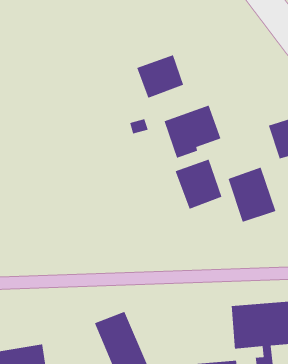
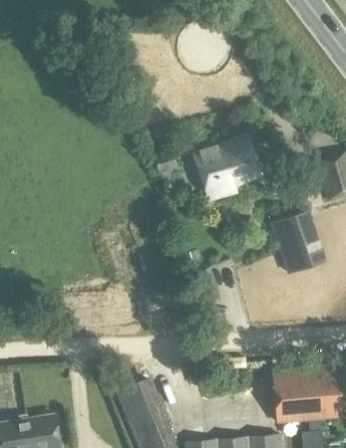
building: [136,54,184,99] -> none
building: [175,159,222,210] -> none

